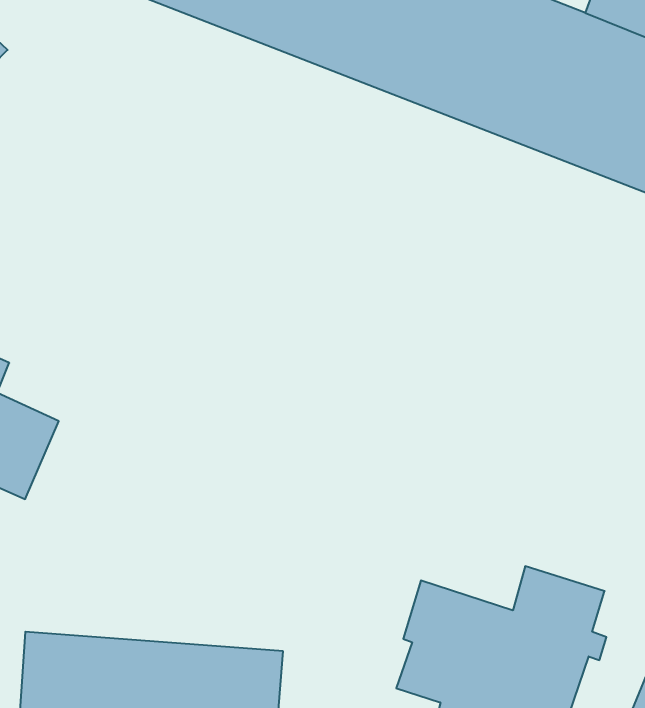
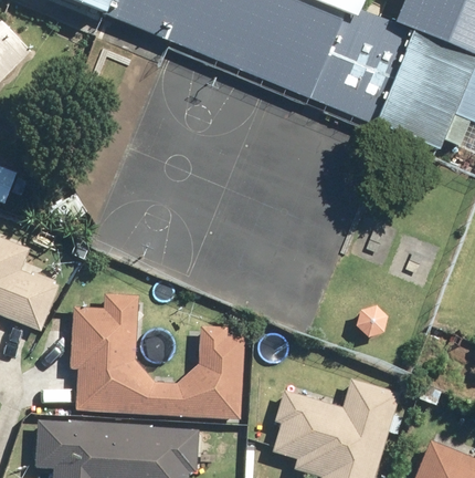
building: none -> [70,293,246,418]

